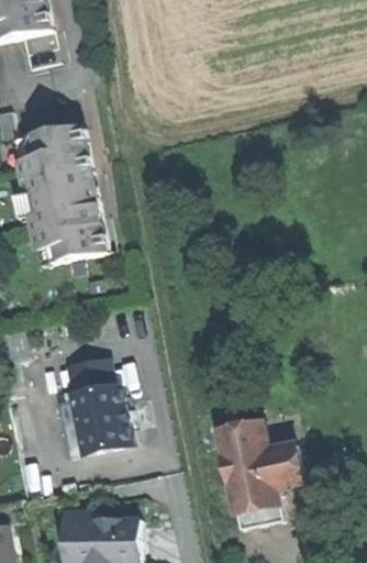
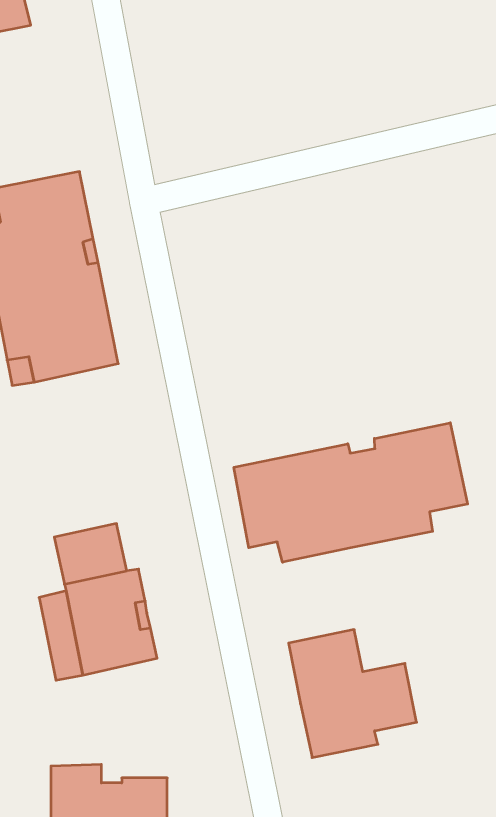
building: none -> [234,423,468,562]
building: [234,497,281,529] -> none

